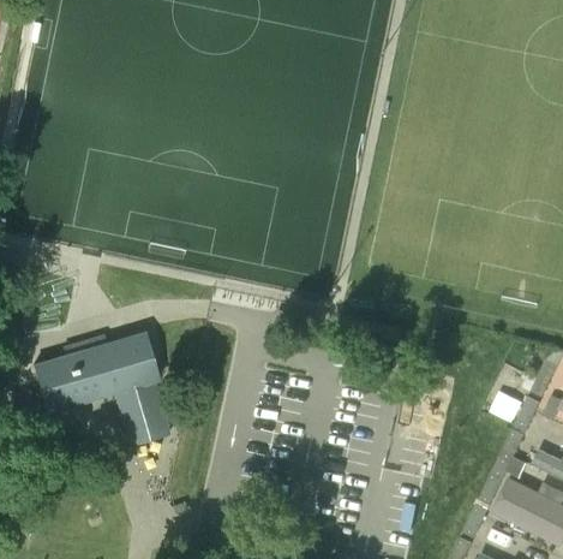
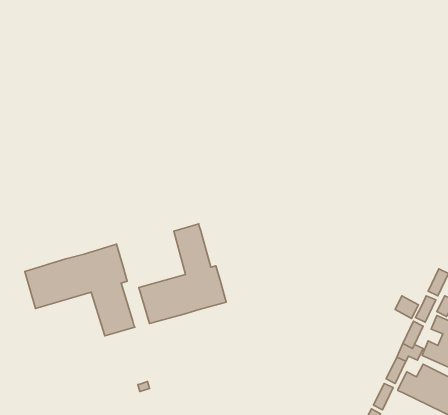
building: none -> [139,224,226,323]

